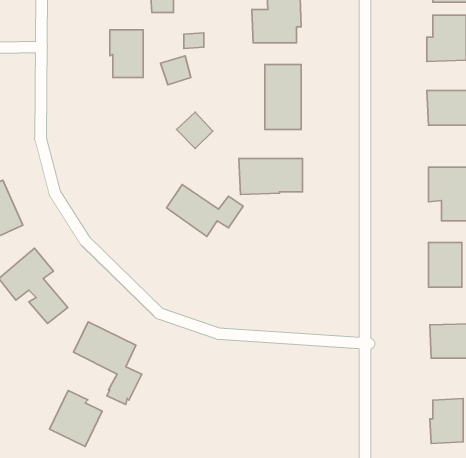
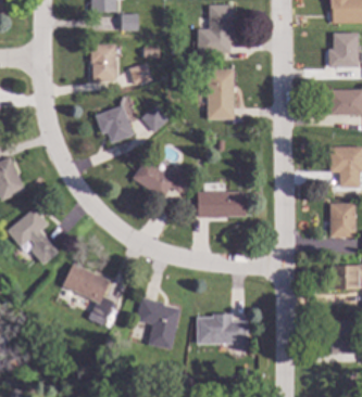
building: none -> [95,104,134,143]
building: [239,158,303,195] -> [197,191,245,218]
building: none -> [137,297,180,349]
building: none -> [196,313,248,344]
building: [49,391,102,447] -> none

